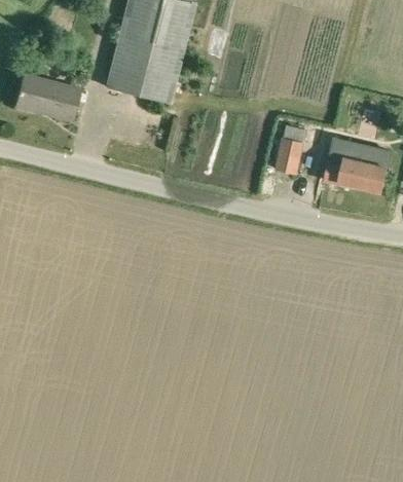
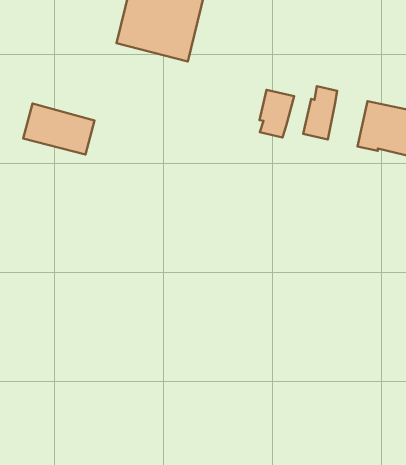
building: [15,75,80,121] -> [23,104,95,155]
building: none -> [259,90,294,137]

